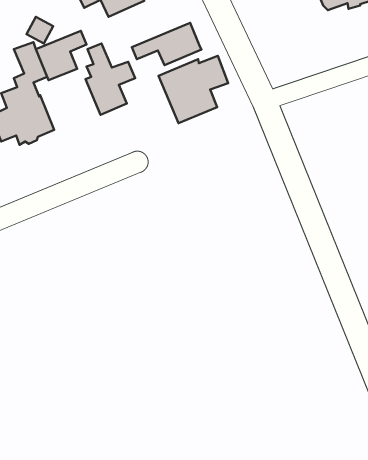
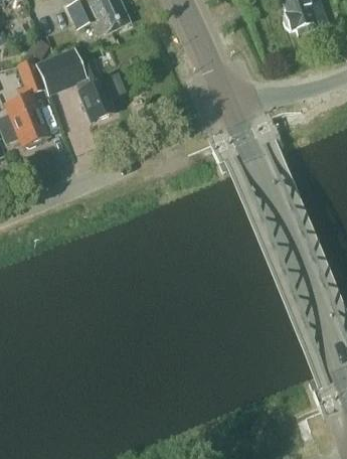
building: [132,23,201,65] -> none
building: [159,56,228,123] -> none

